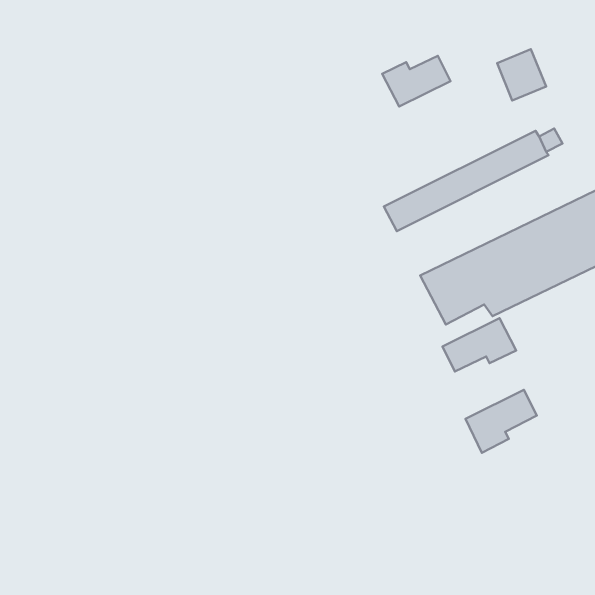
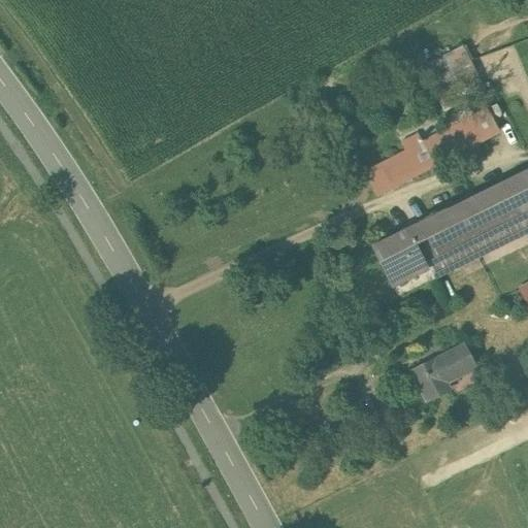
building: [382,56,450,107] -> none
building: [442,318,516,371] -> none

